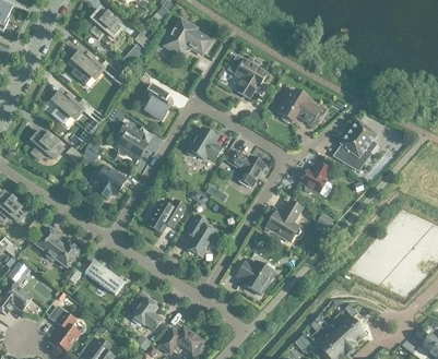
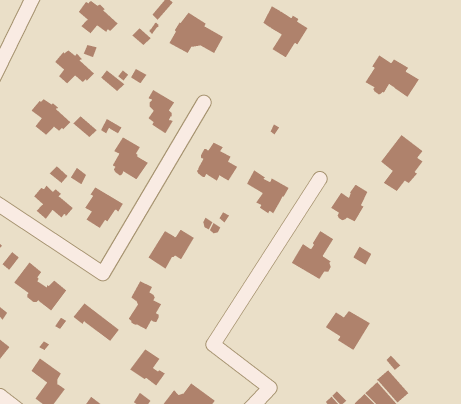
building: [228,55,267,98] -> [262,6,308,58]
building: [275,88,321,124] -> [364,55,420,98]
building: [28,130,62,159] -> [33,184,74,220]
building: [186,215,214,256] -> [128,280,162,330]
building: [236,261,274,295] -> [325,310,371,351]

